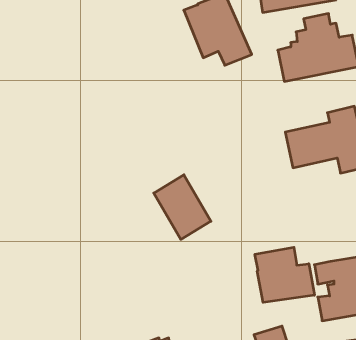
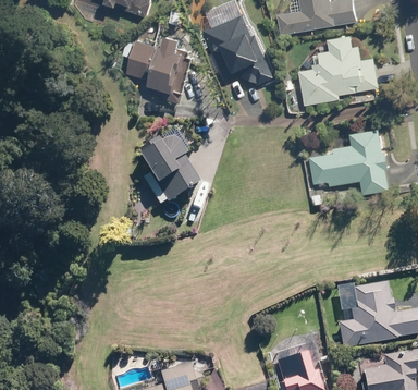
building: none -> [131,38,182,92]
building: [154,175,211,239] -> [140,134,198,199]
building: [255,247,314,302] -> none

